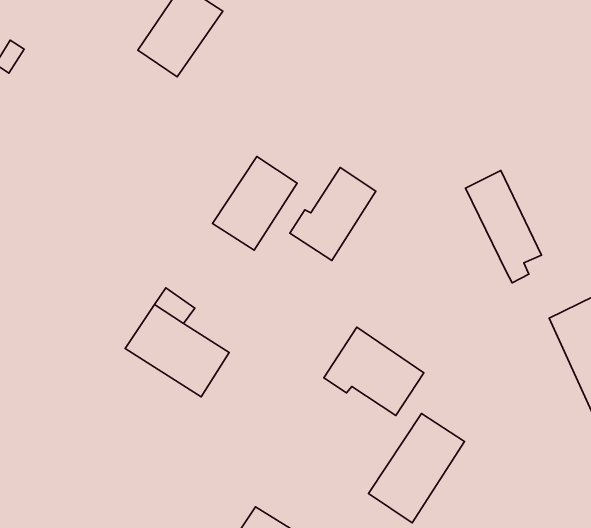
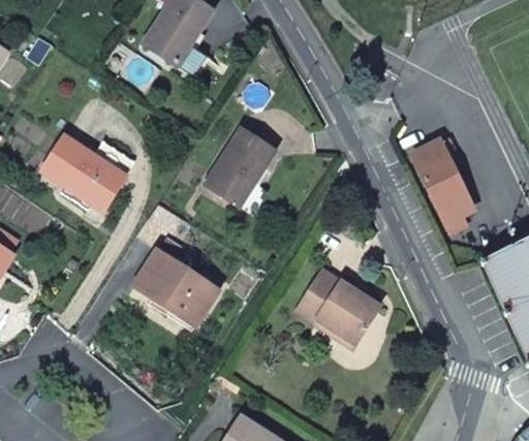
building: none -> [42,136,134,209]
building: [290,168,376,261] -> none
building: [369,414,465,523] -> none

